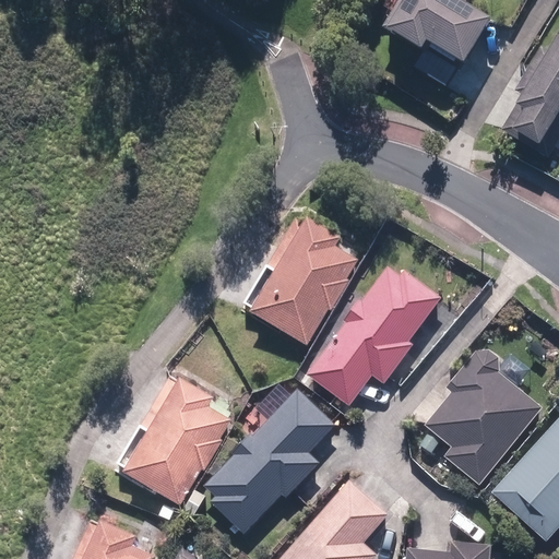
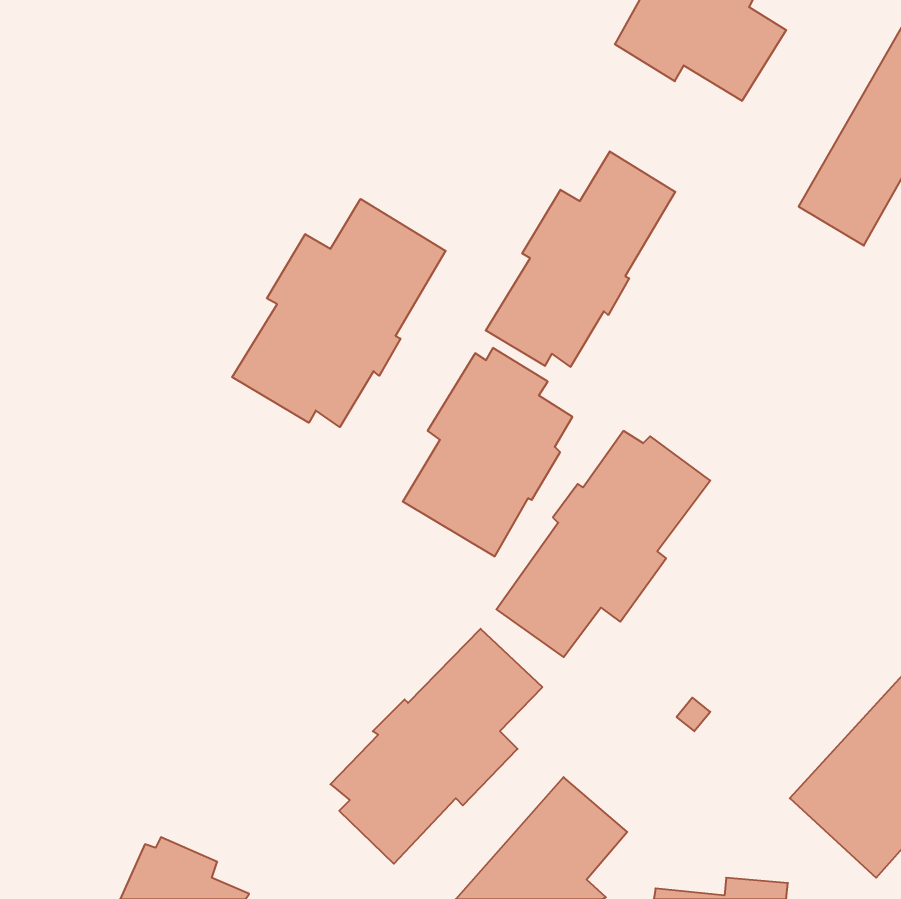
building: none -> [486,151,675,367]
building: none -> [232,199,446,427]
building: [426,348,544,484] -> none
building: [124,373,230,503] -> none

